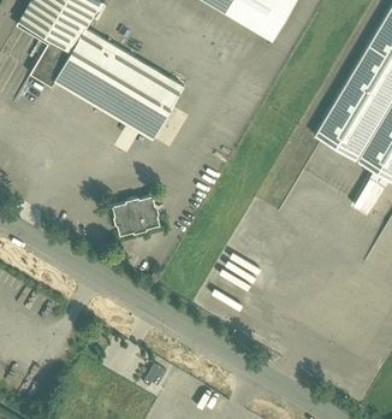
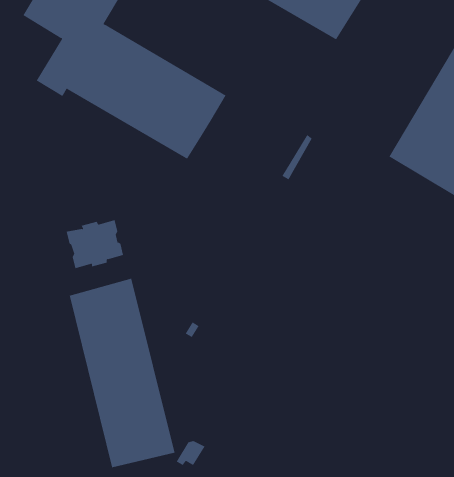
building: [113,196,160,236] -> [66,220,124,269]
building: none -> [69,278,175,468]

